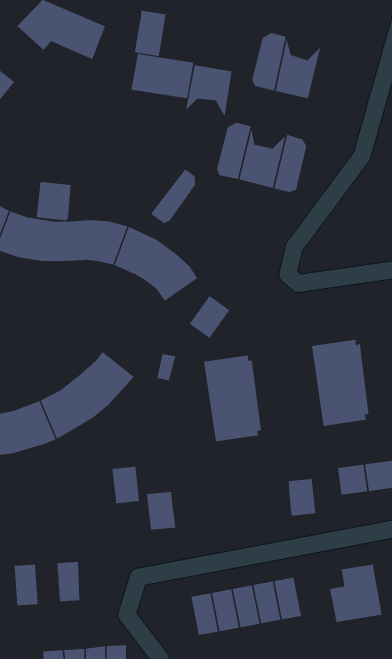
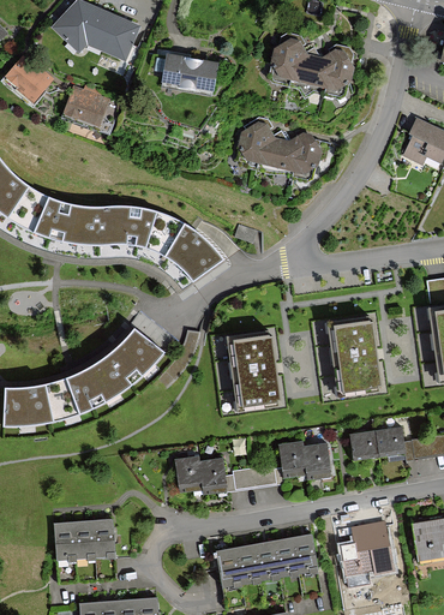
building: [134,10,166,57] -> none
building: none -> [324,44,356,98]
building: [185,65,232,117] -> none
building: none -> [65,86,108,125]
building: [150,168,195,224] -> none
building: [36,181,71,221] -> none
building: [189,295,230,339] -> none
building: [111,466,140,504] -> [198,459,224,494]
building: none -> [281,442,307,478]
building: none -> [229,466,278,491]
building: none -> [72,523,94,561]

